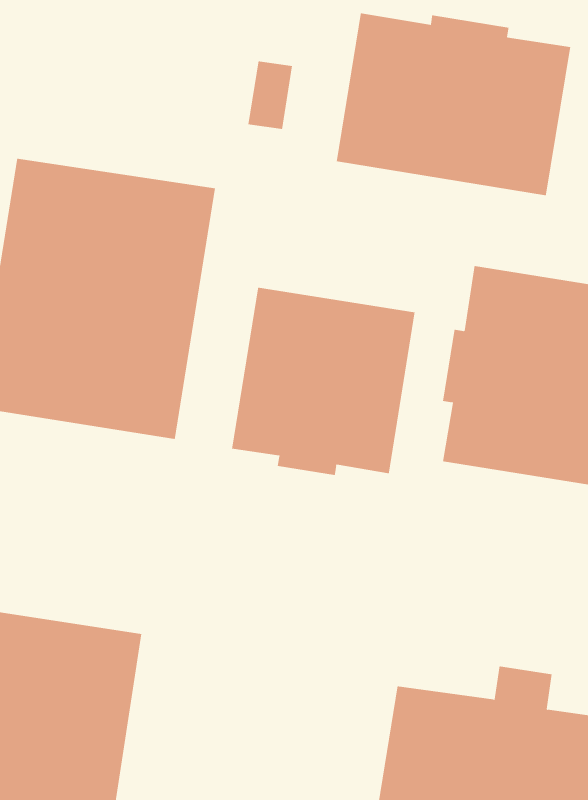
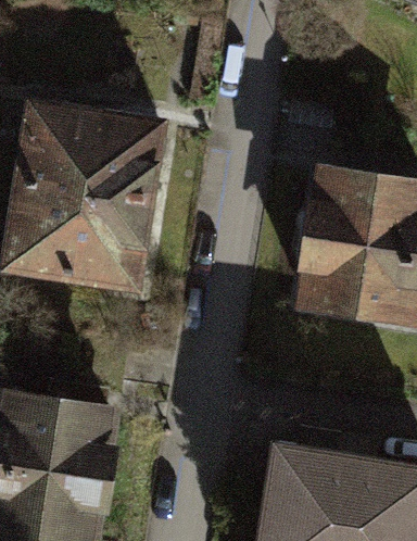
building: [336,12,571,196] -> none
building: [232,287,415,476] -> none

